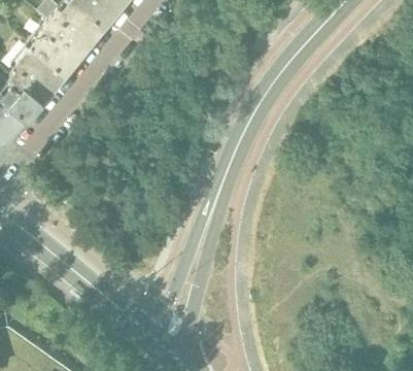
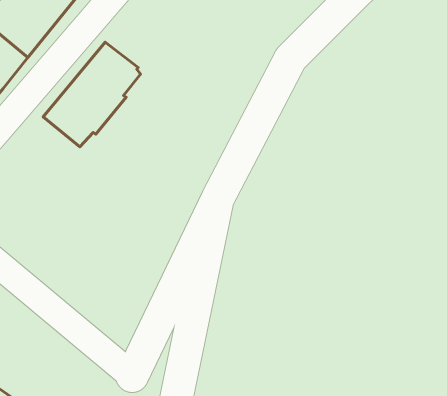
building: none -> [43,42,141,147]

